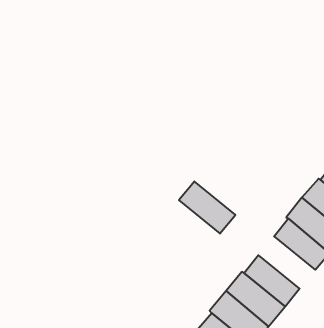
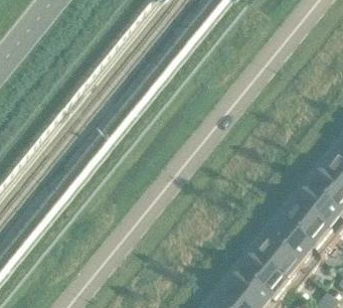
building: [179,181,235,234] -> [266,217,317,265]

